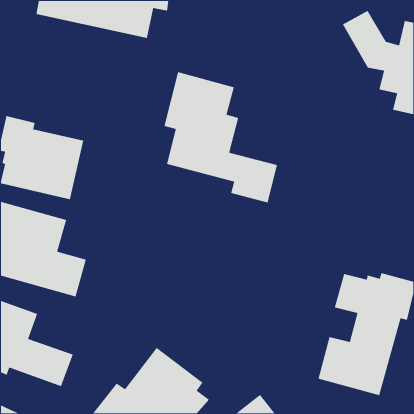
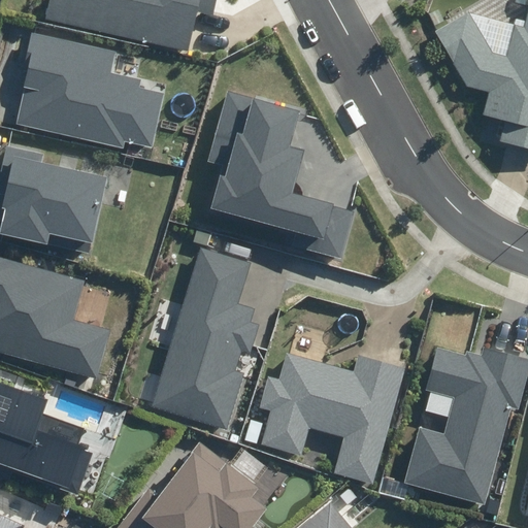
building: none -> [15,32,165,150]
building: none -> [152,248,259,429]
building: none -> [260,353,405,485]

